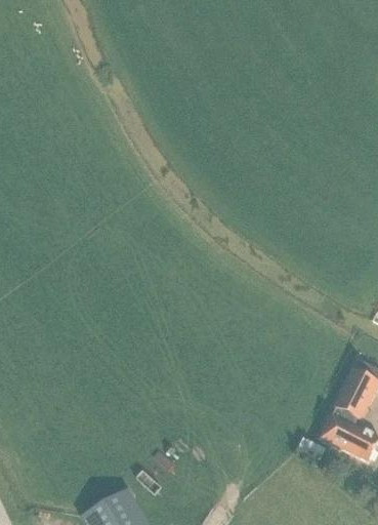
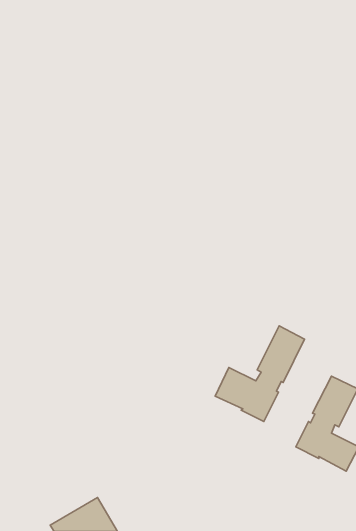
building: none -> [215,326,304,422]

